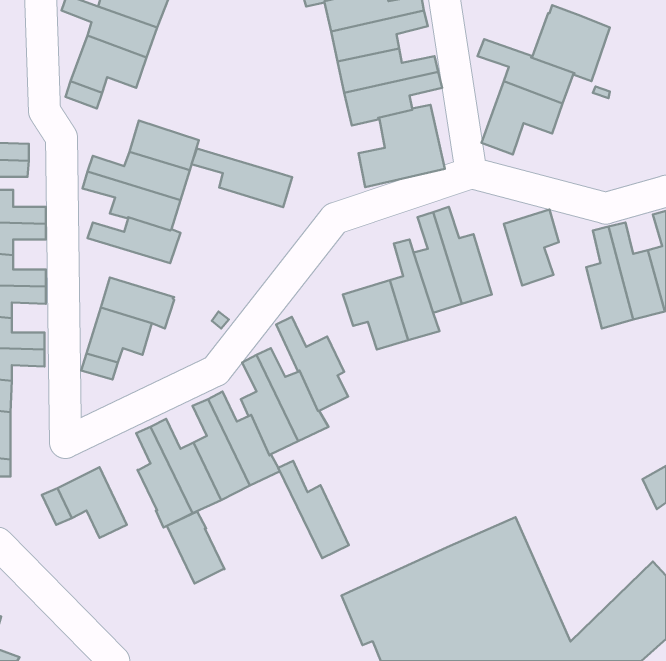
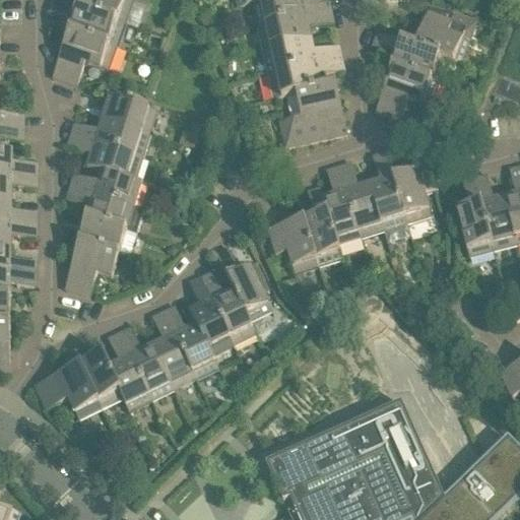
building: [192,148,292,207] -> [64,185,142,231]
building: none -> [368,149,409,241]
building: [278,461,349,558] -> none
building: [167,511,224,583] -> [77,351,122,407]

